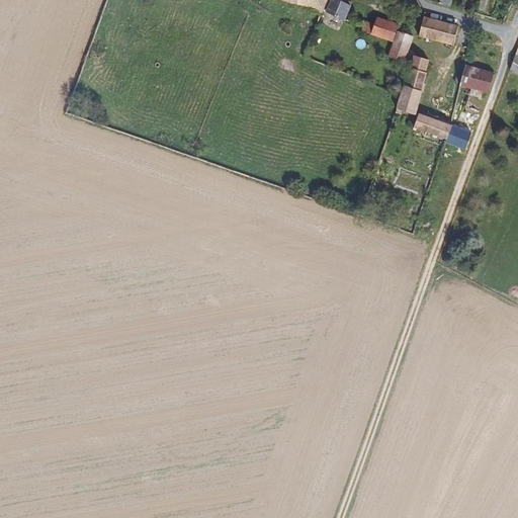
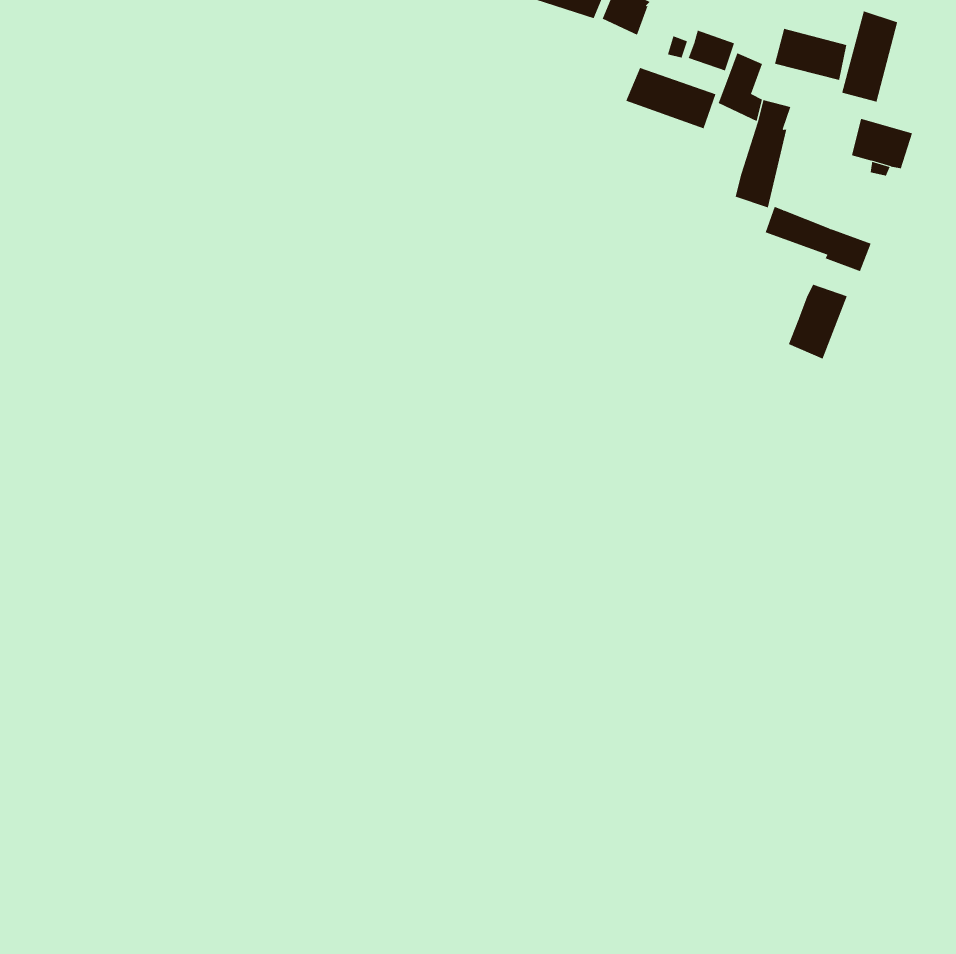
building: none -> [841,11,898,102]
building: none -> [625,67,716,129]
building: none -> [788,284,847,360]

